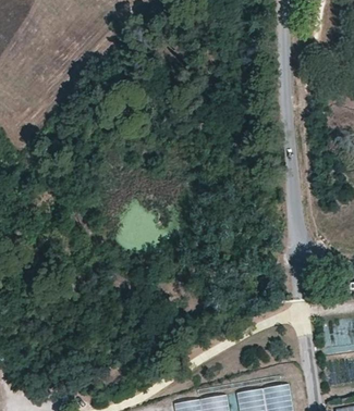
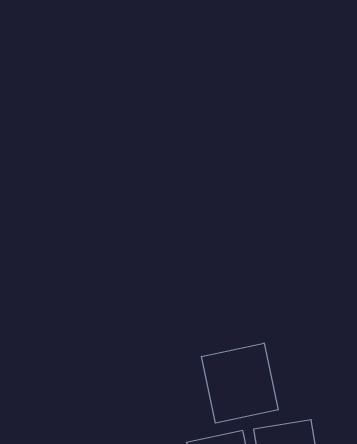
building: none -> [201,343,278,423]

